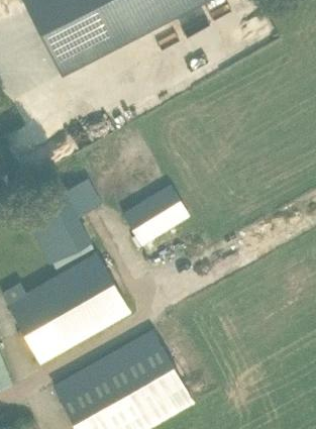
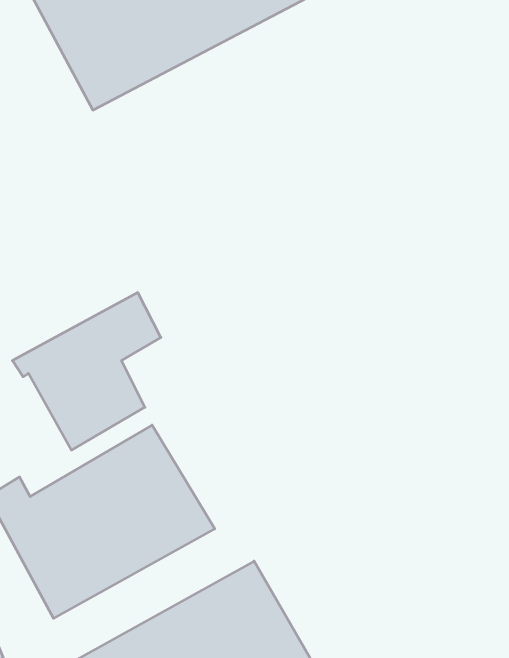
building: [122,186,190,247] -> none

